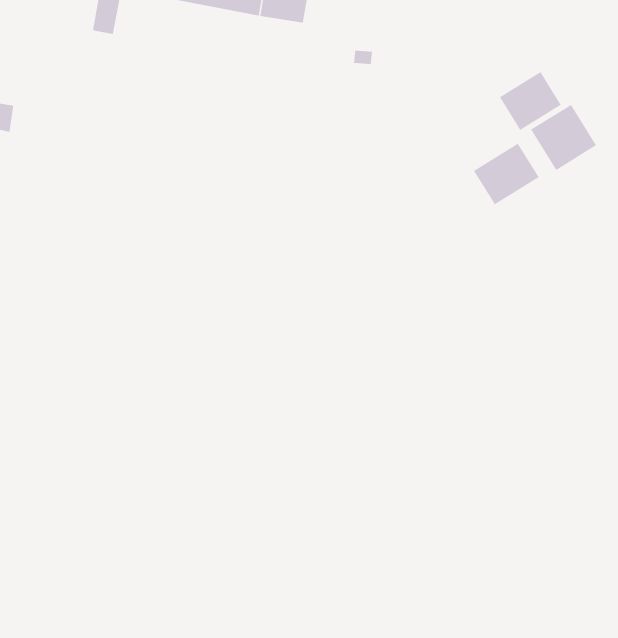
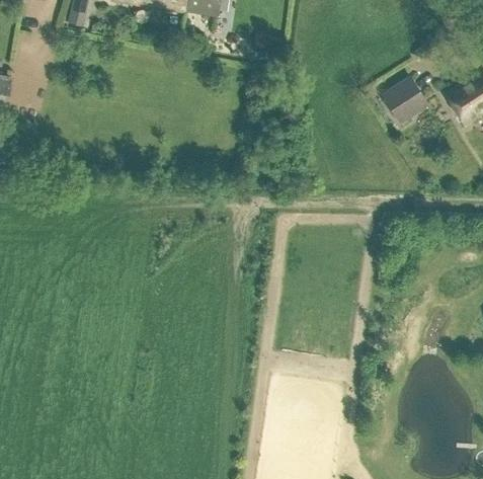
building: [499,71,562,131] -> none
building: [473,143,539,205] -> none

